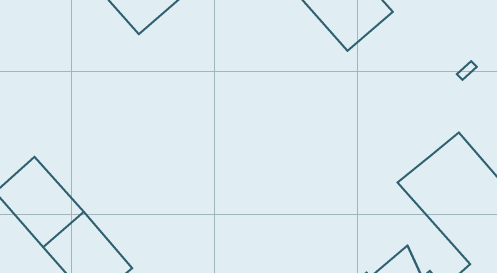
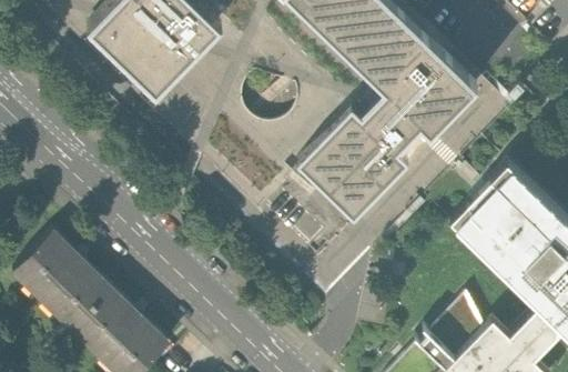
building: none -> [298,46,479,223]

